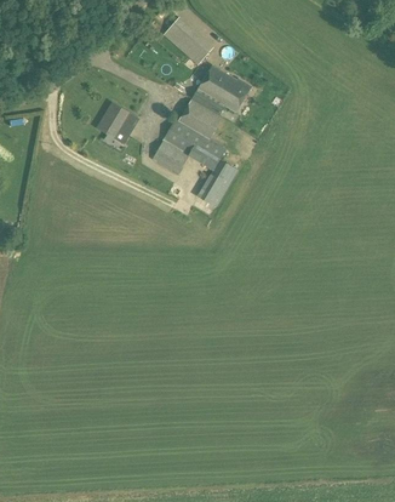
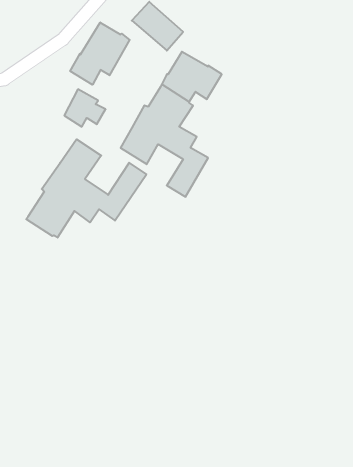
building: none -> [70,22,130,85]
building: none -> [26,139,146,238]

